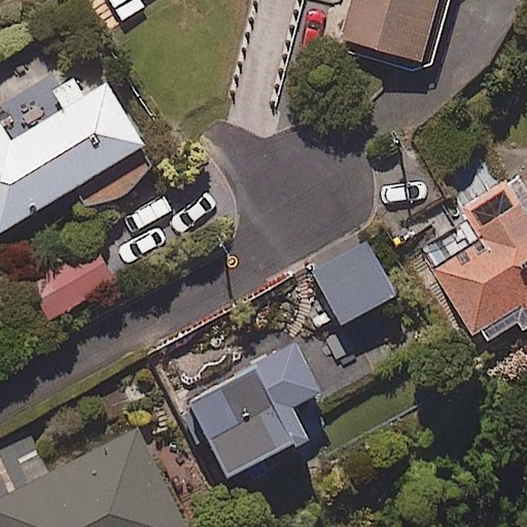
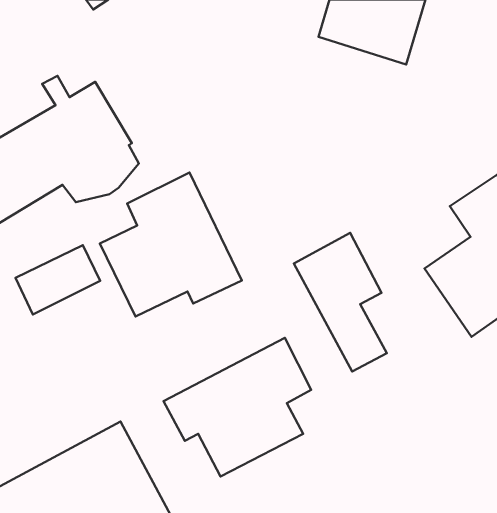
building: none -> [100,173,242,317]

